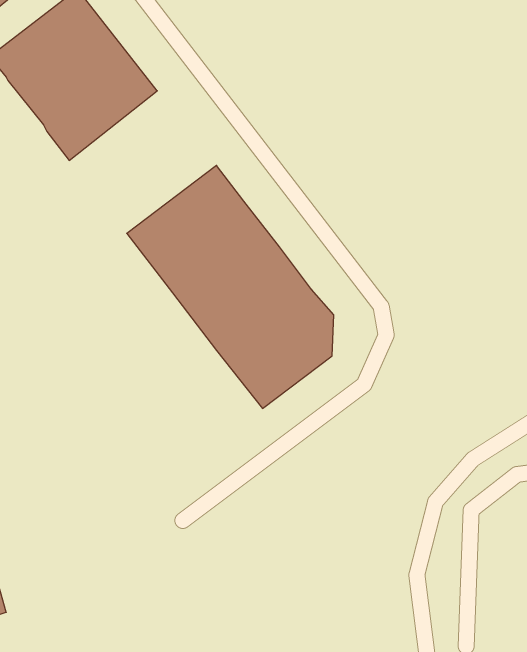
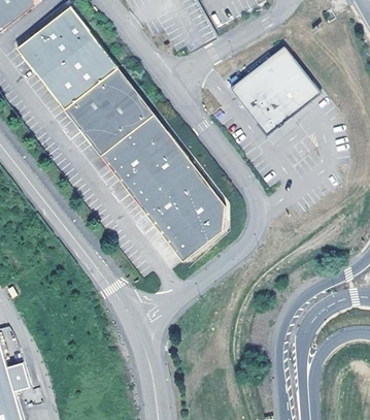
building: none -> [232,52,322,140]
building: none -> [64,66,154,153]

